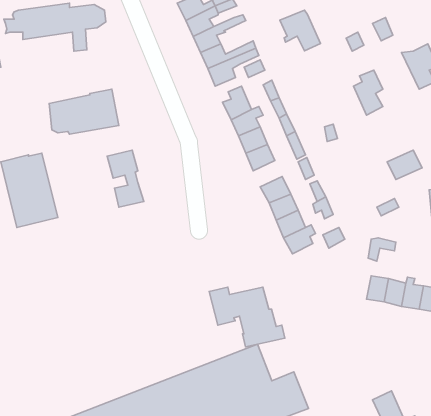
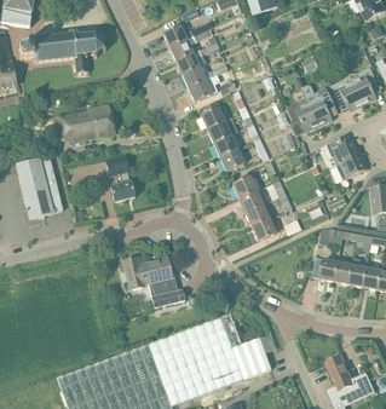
building: [280,10,321,51] -> [286,97,319,131]
building: none -> [330,73,363,110]
building: none -> [323,137,358,163]
building: [209,287,285,347] -> [122,257,185,306]

